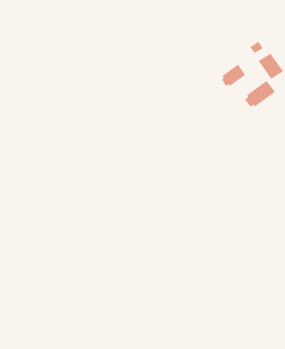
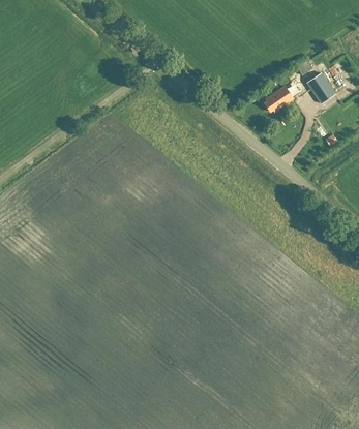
building: [244,80,276,107] -> none

